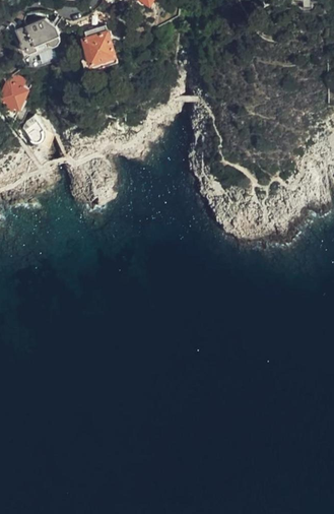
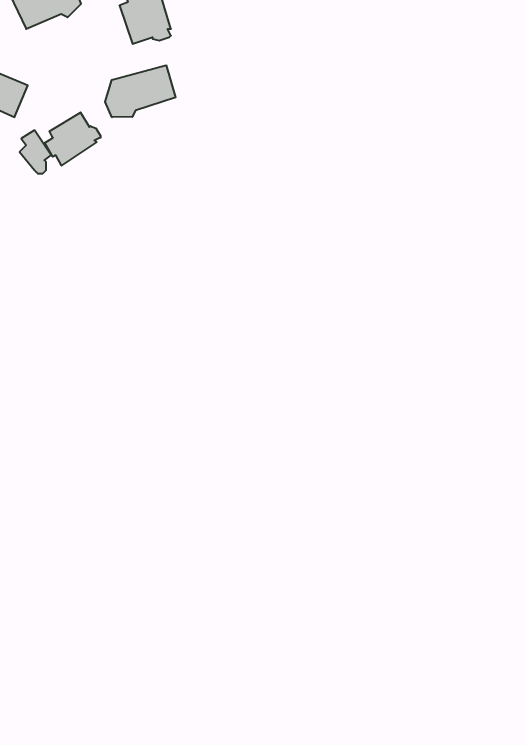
building: none -> [105,65,176,117]
building: none -> [45,112,101,166]

